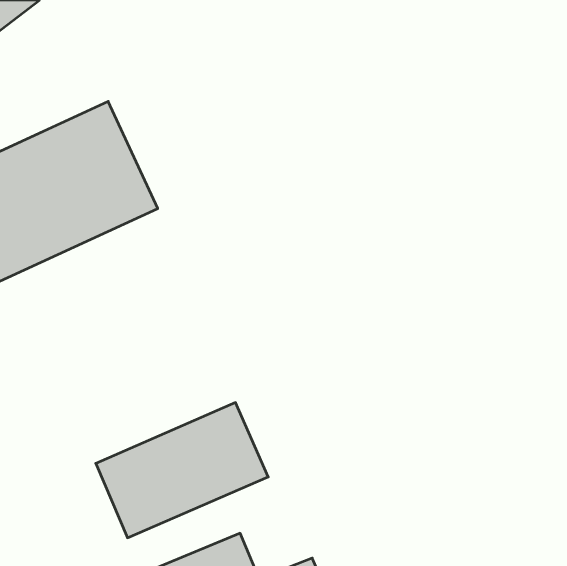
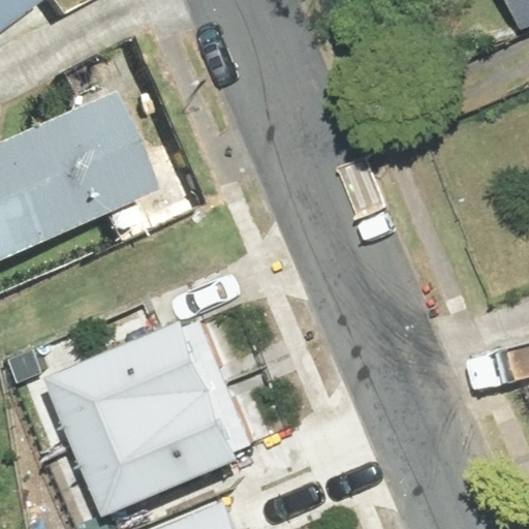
building: none -> [58,310,216,434]

